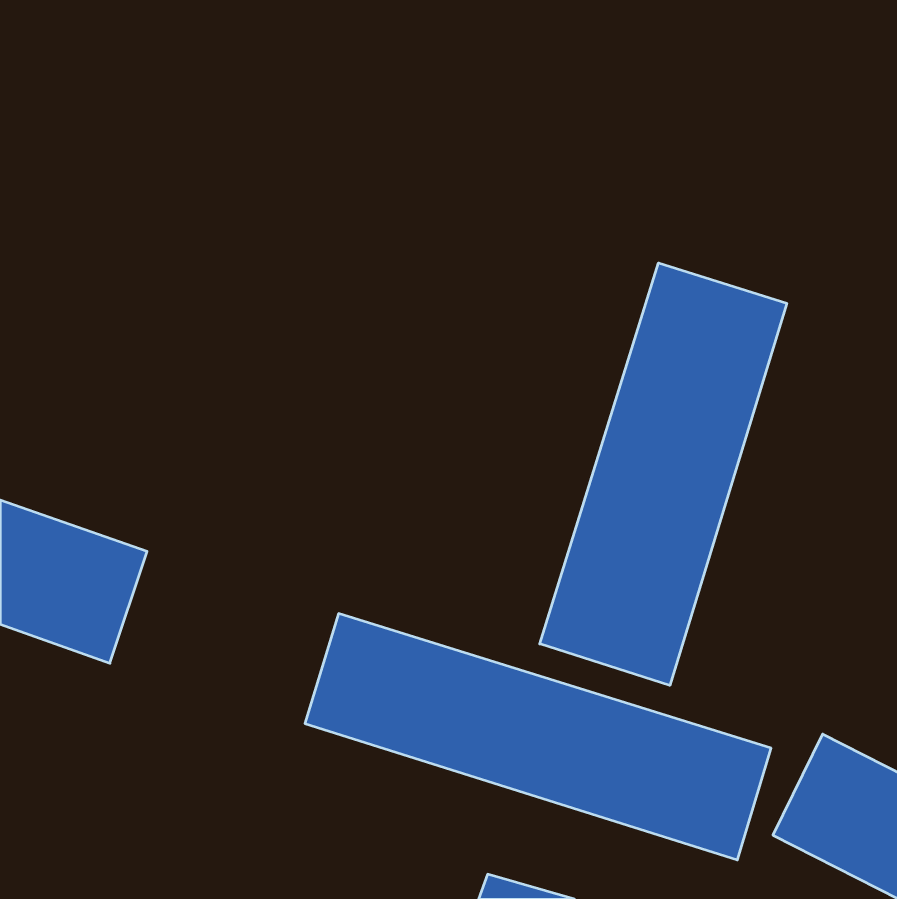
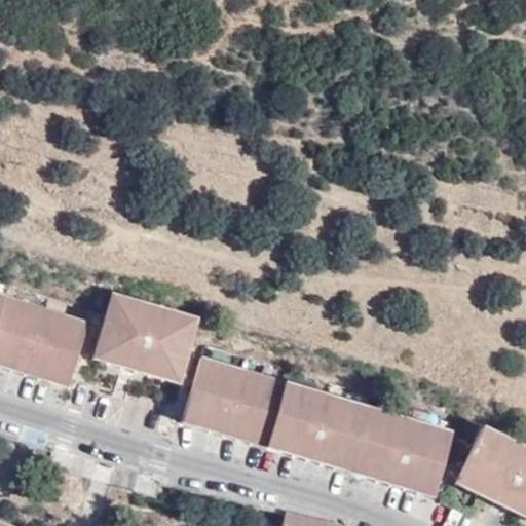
building: [540,263,787,685] -> none
building: none -> [93,290,199,382]

